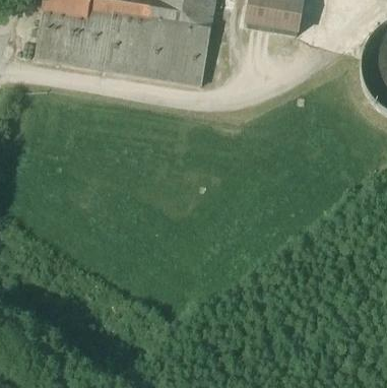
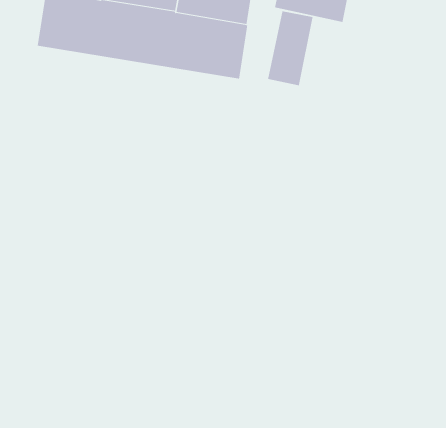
building: none -> [268,10,313,86]

